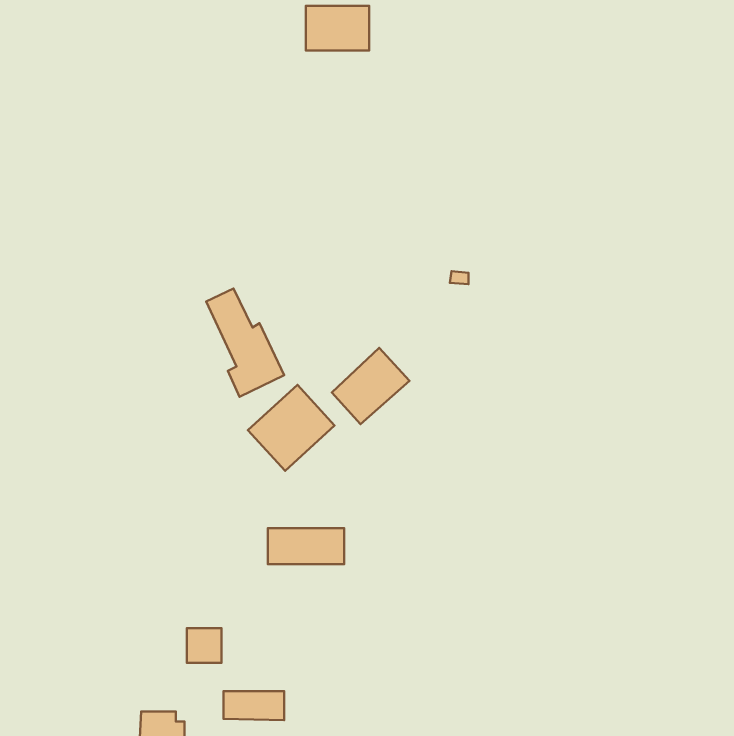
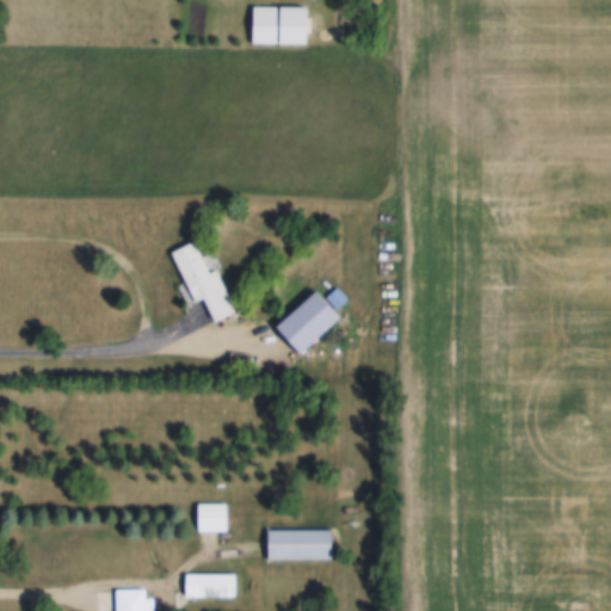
building: [248,385,335,471] -> none
building: [268,528,344,564] -> [267,530,331,560]
building: [187,628,222,663] -> [198,502,227,531]

